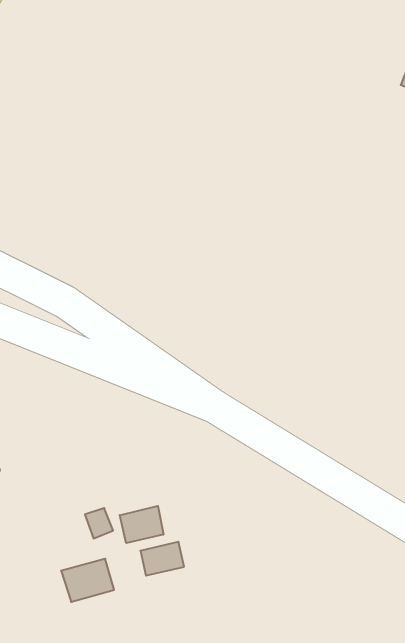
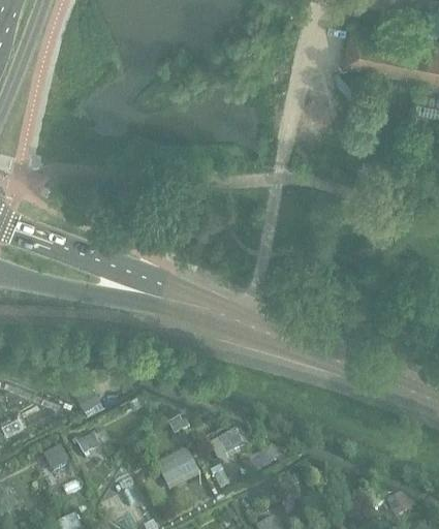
building: [120,506,163,543] -> none

